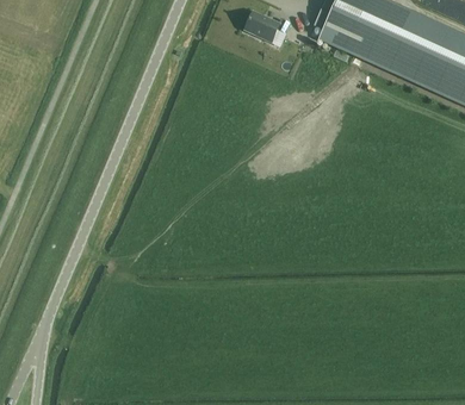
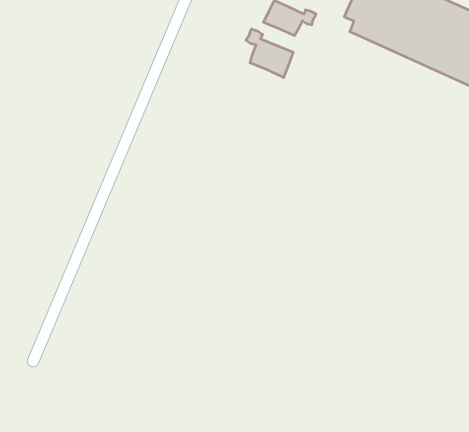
building: none -> [246,29,293,78]

